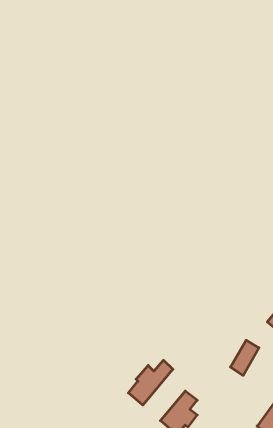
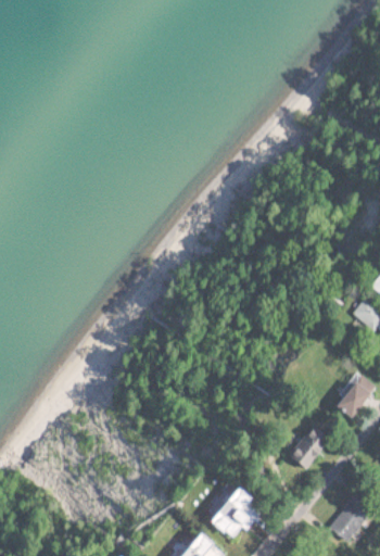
building: [128,360,173,405] -> none

